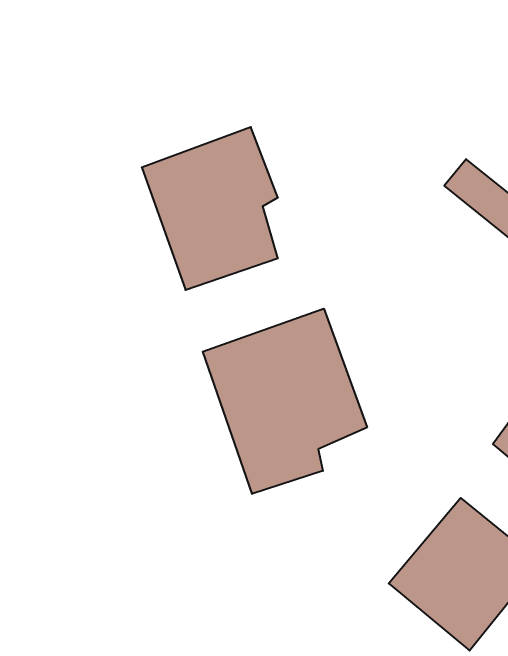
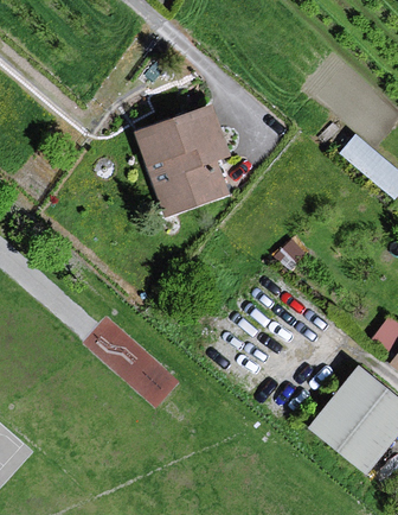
building: [203,309,367,494] -> none

